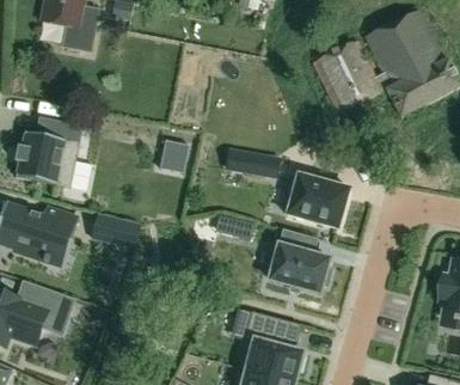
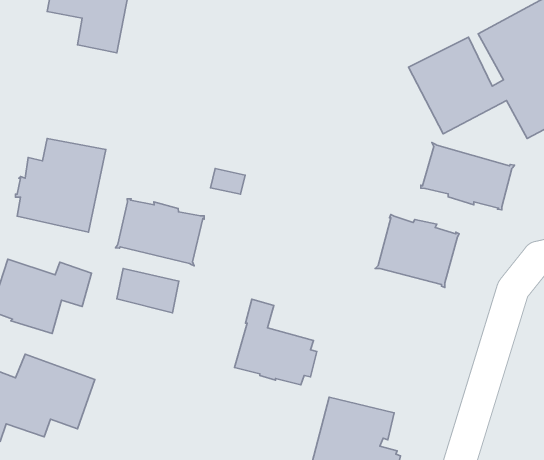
building: none -> [421,143,514,210]
building: [228,148,278,176] -> none
building: none -> [116,199,204,266]
building: [270,227,332,292] -> [234,299,317,385]

